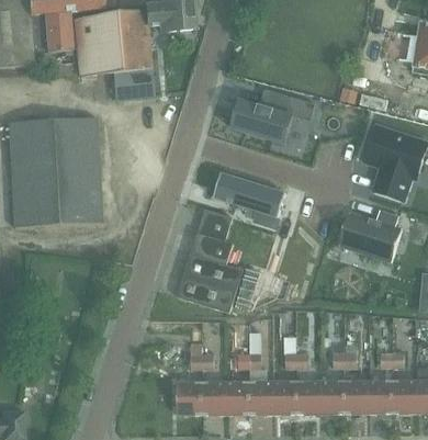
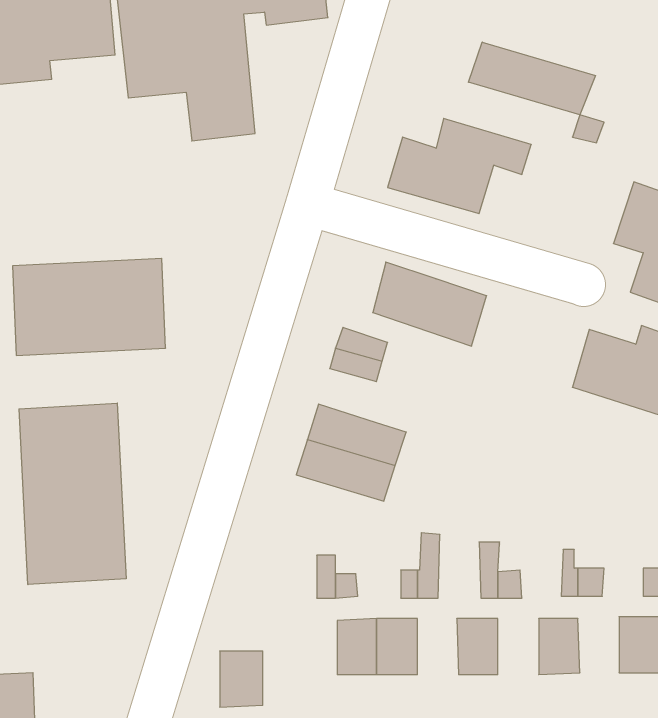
building: none -> [468,42,596,115]
building: [9,117,99,173] -> none
building: [191,234,233,266] -> none
building: none -> [19,403,126,585]
building: [343,380,368,413] -> none
building: [249,381,273,414] -> none
building: [296,381,320,414] -> none
building: [177,382,202,415] -> [220,651,263,707]

